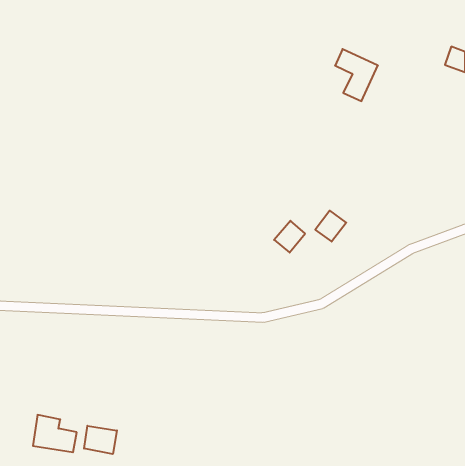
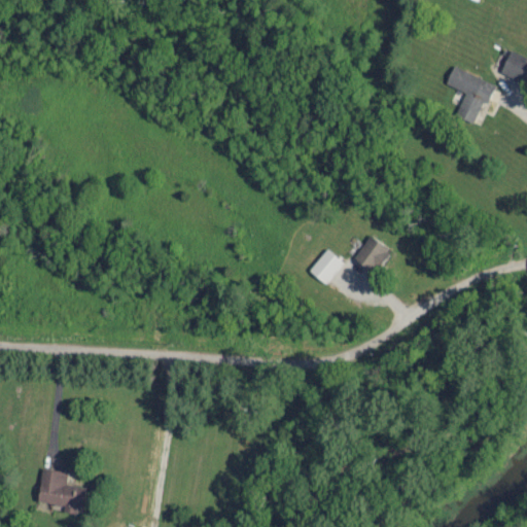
building: [335,49,378,101] -> [446,66,494,125]
building: [84,426,117,454] -> none

